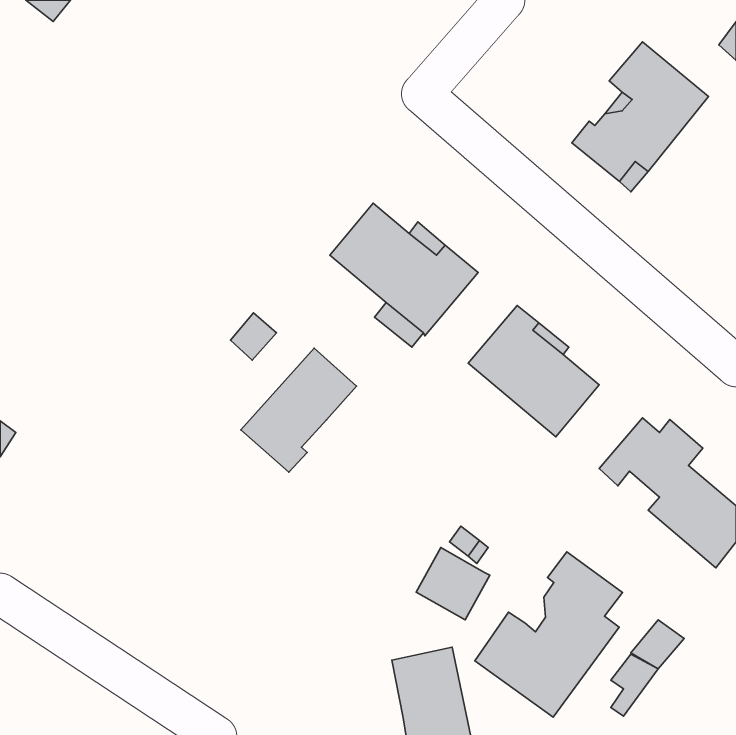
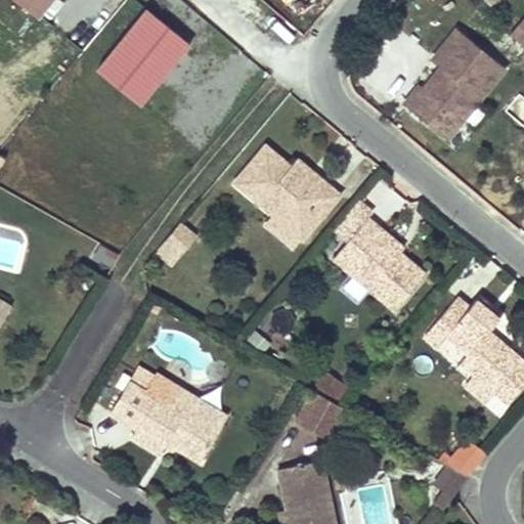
building: none -> [97,9,190,104]
building: [241,348,357,472] -> none
building: none -> [111,367,227,462]
building: [475,552,622,717] -> none

